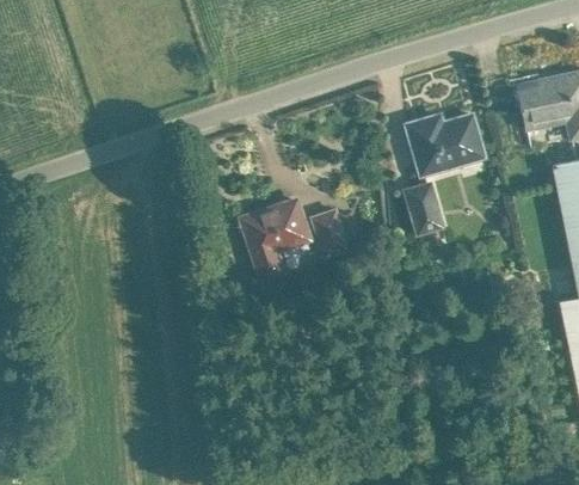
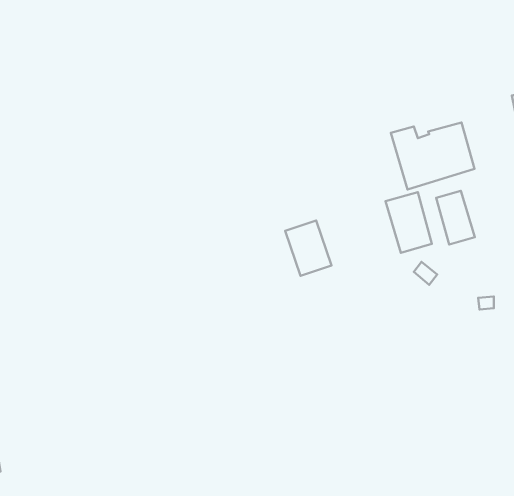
building: none -> [436,191,475,245]
building: [236,195,314,280] -> none

